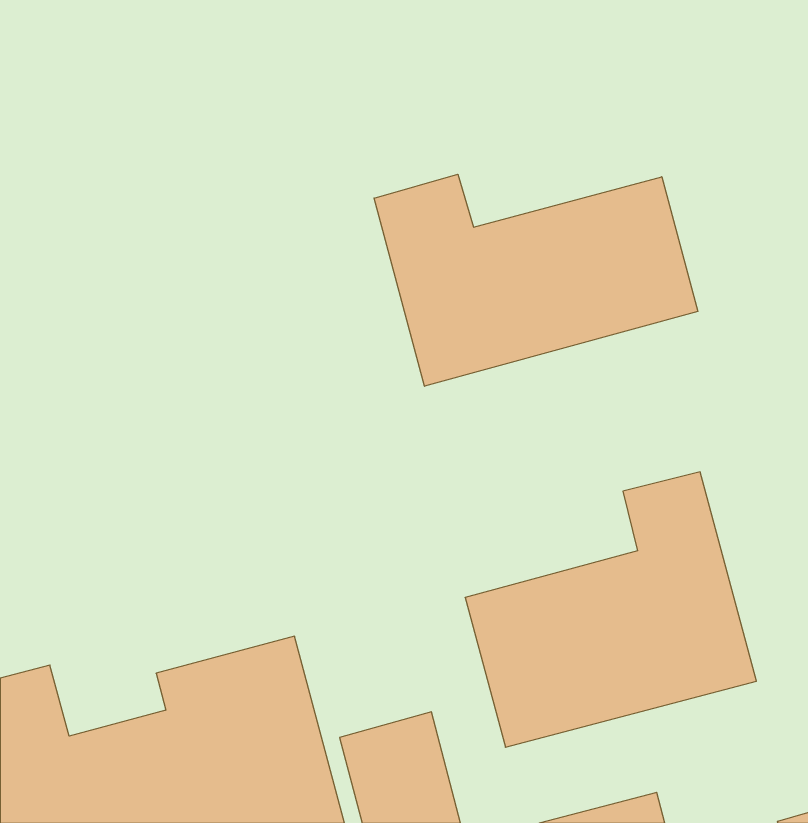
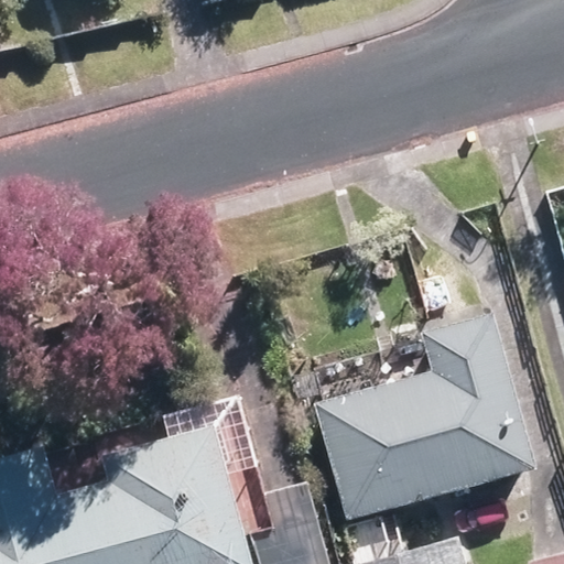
building: [374,174,698,386] -> none

